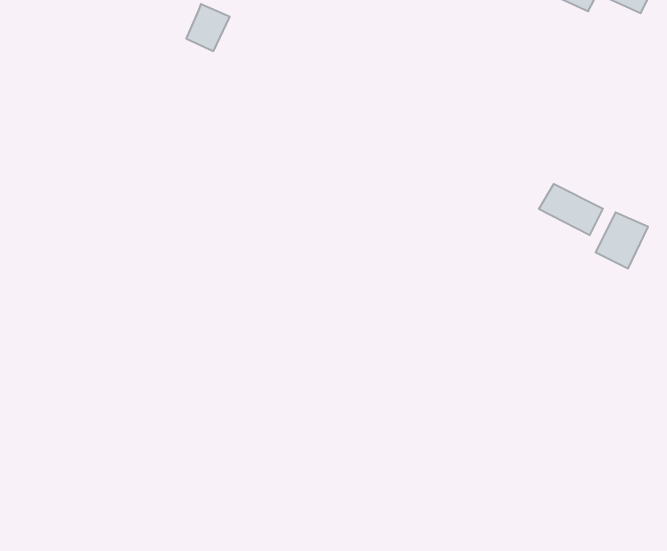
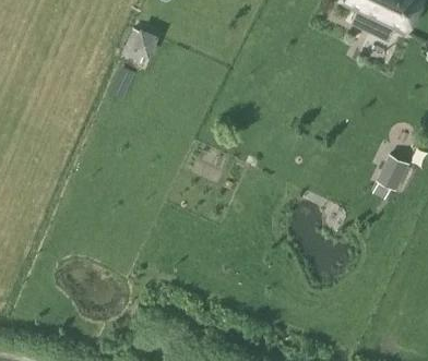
building: [539,184,603,235] -> none

